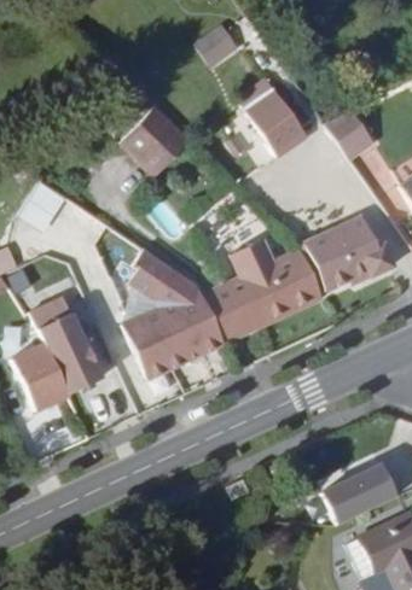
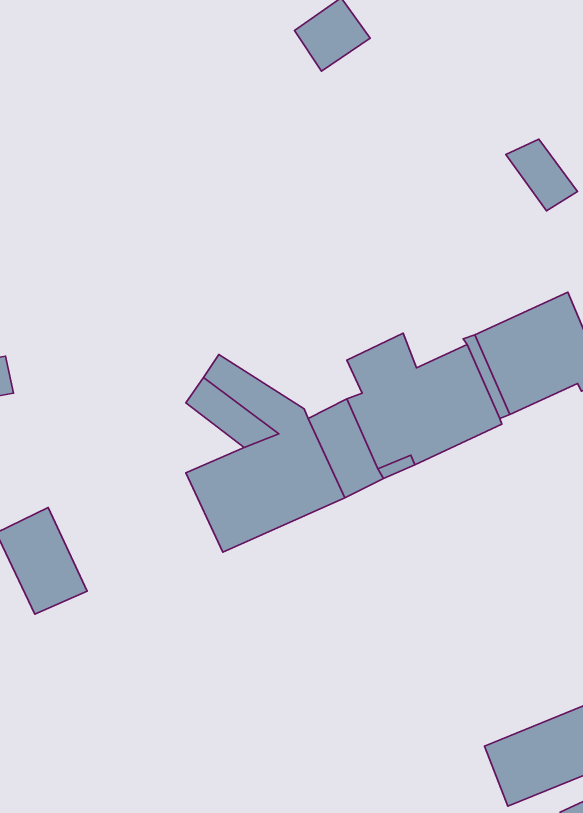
building: [243,87,304,152] -> none
building: [129,110,198,179] -> none
building: [24,302,98,396] -> none

